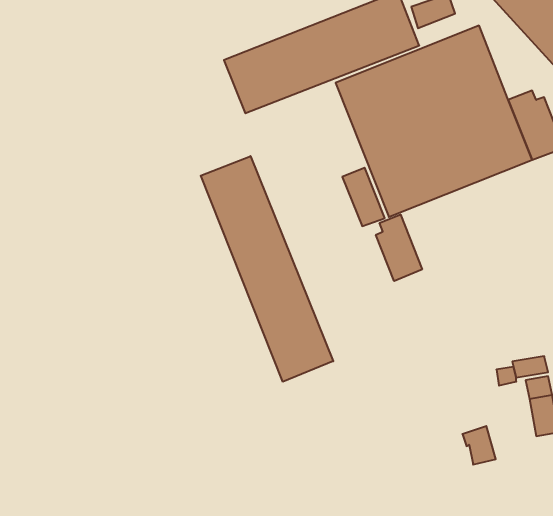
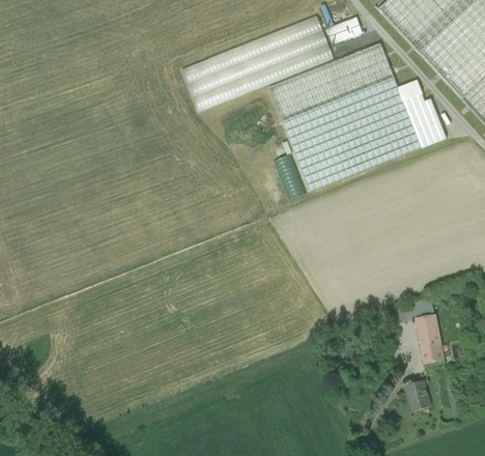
building: [201,156,333,382] -> none
building: [376,215,422,281] -> none
building: [462,426,496,465] -> [404,380,430,410]

